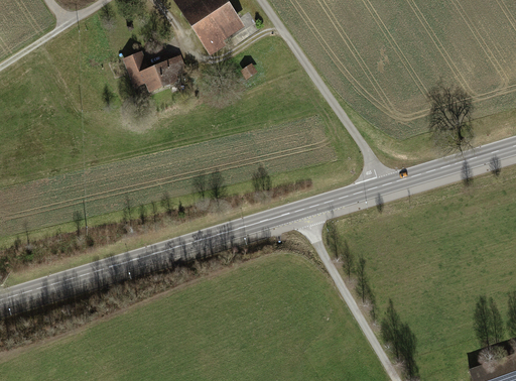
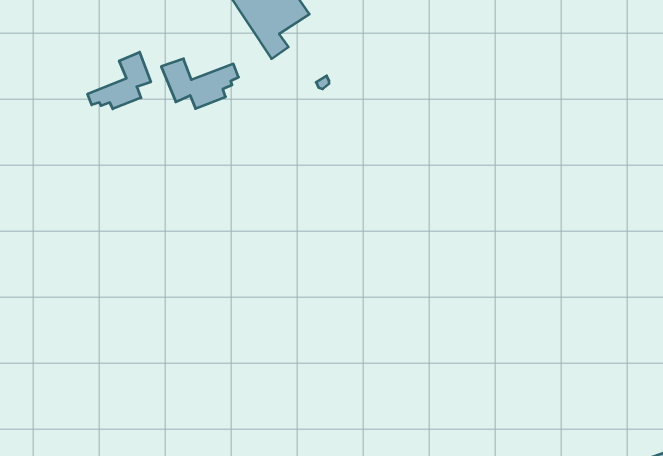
building: none -> [88,52,151,109]

